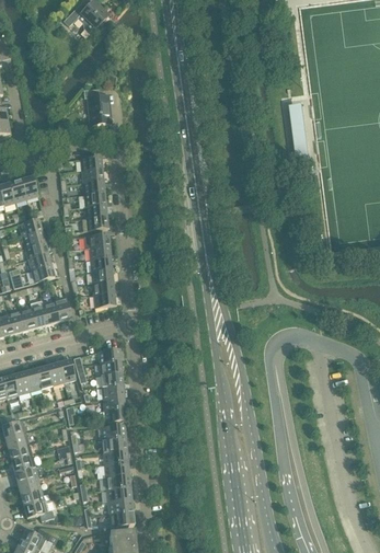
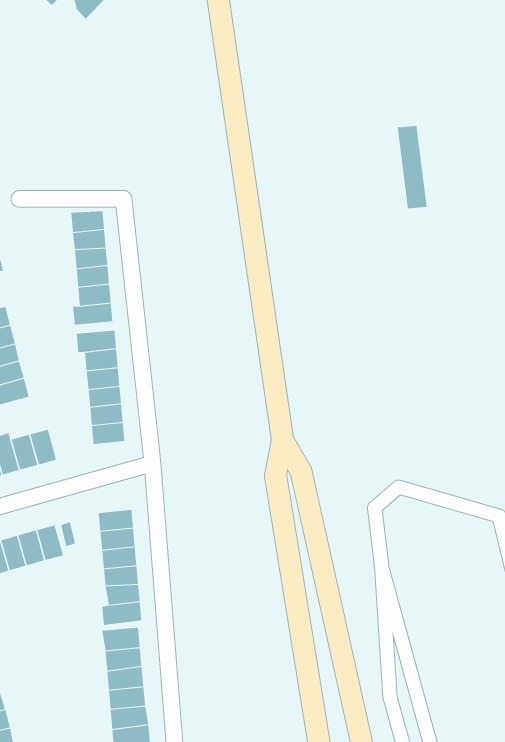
building: [83,89,108,126] -> none

